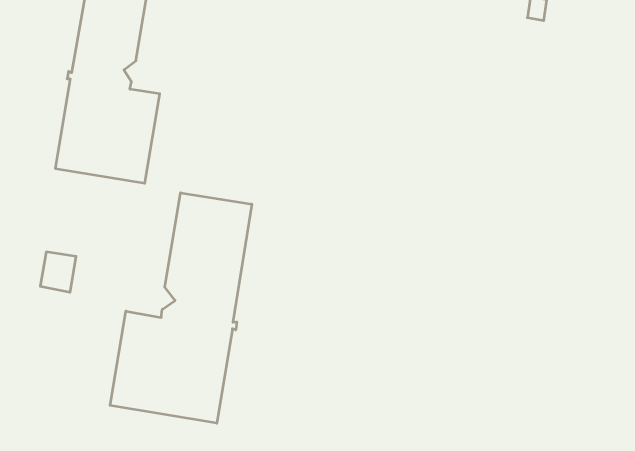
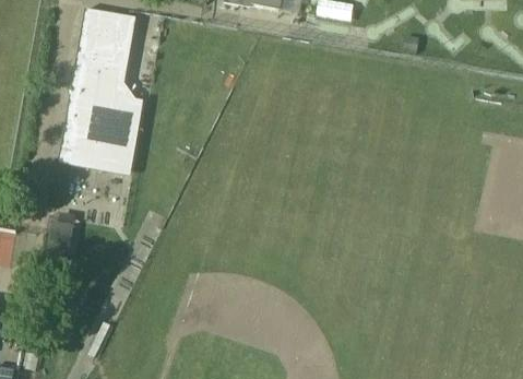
building: [110,193,252,423] -> none

